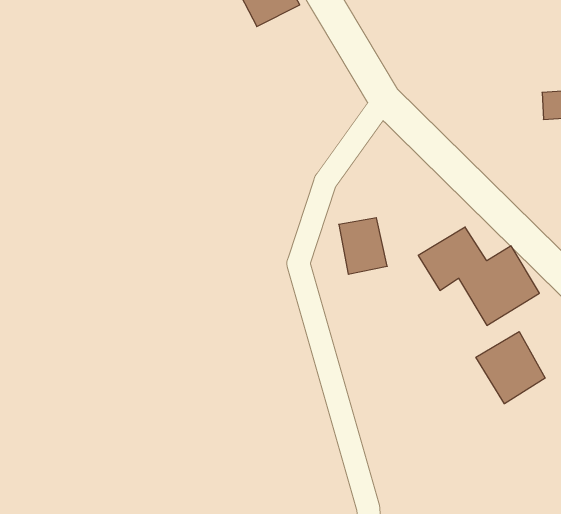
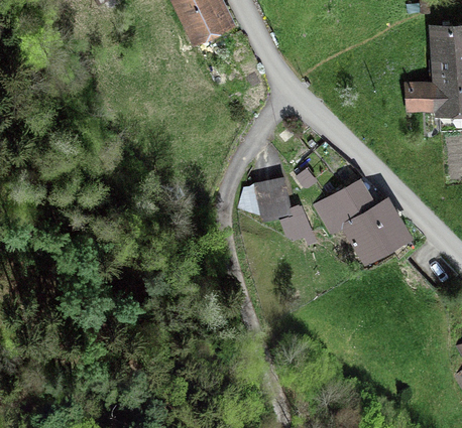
building: [476,332,545,404] -> none

